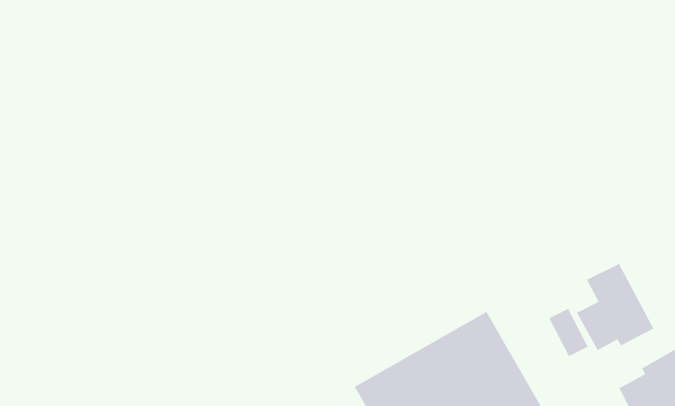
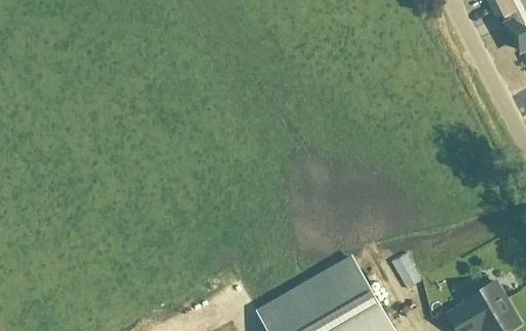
building: [576,263,654,351] -> none

